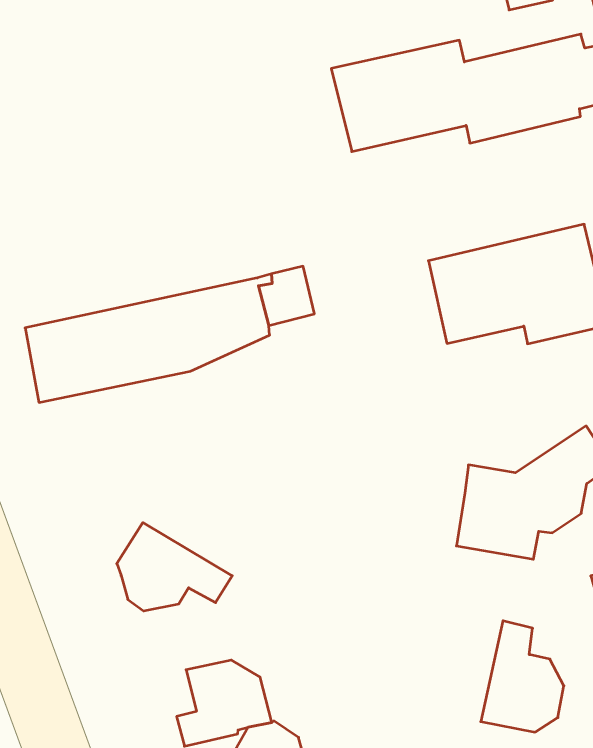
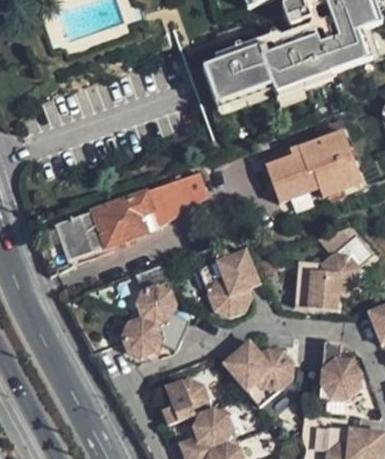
building: none -> [199,249,264,317]
building: none -> [131,283,187,336]
building: none -> [223,341,292,405]

